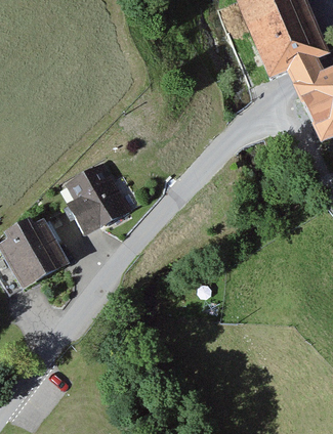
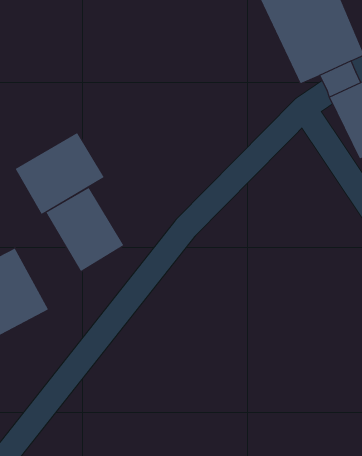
building: none -> [15,132,104,215]

